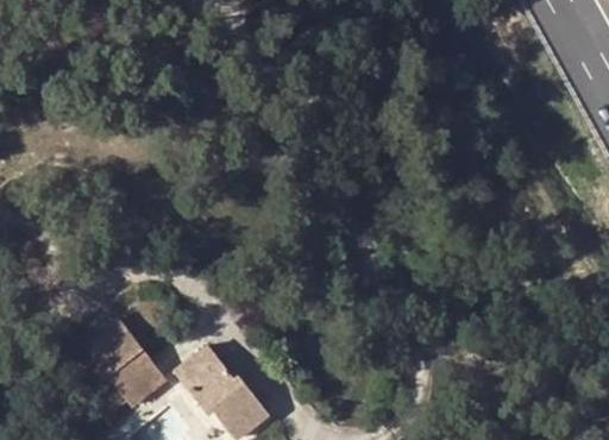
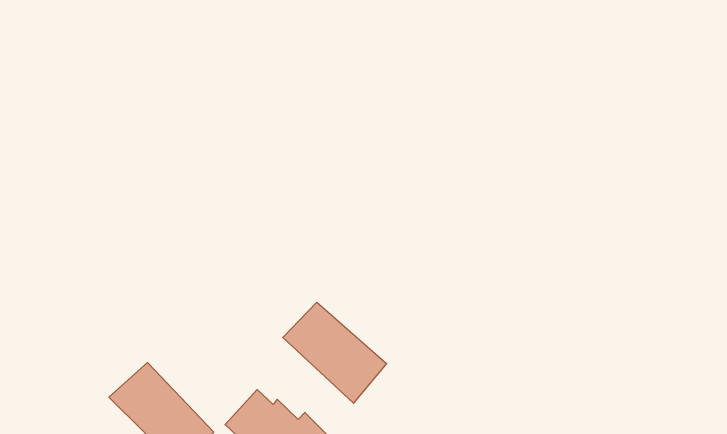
building: none -> [283,302,387,403]

